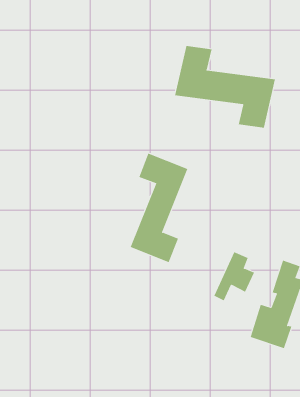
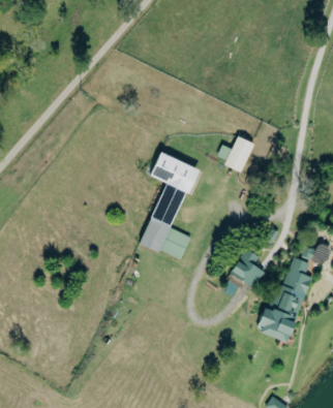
building: [174,45,275,128] -> none
building: none -> [216,135,254,171]

